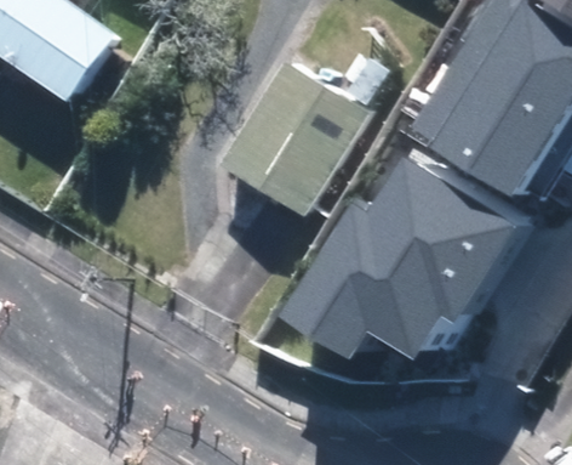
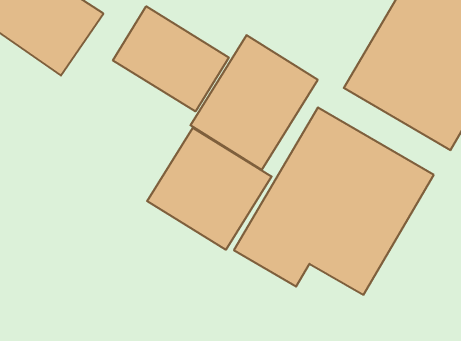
building: none -> [113,6,229,111]
building: none -> [147,128,272,250]

